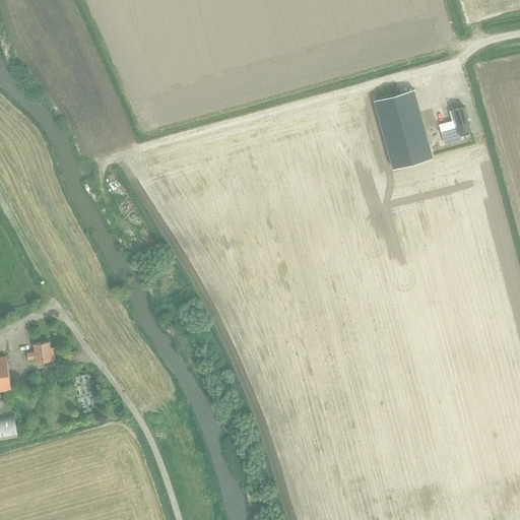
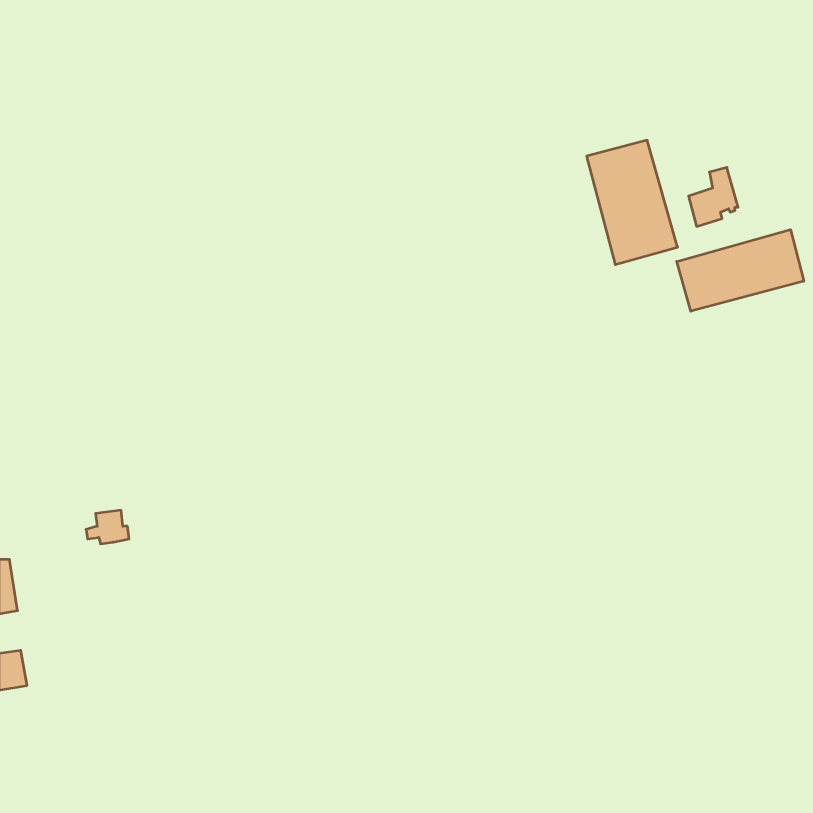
building: none -> [677,230,804,311]
building: [26,342,54,364] -> [86,510,129,544]

